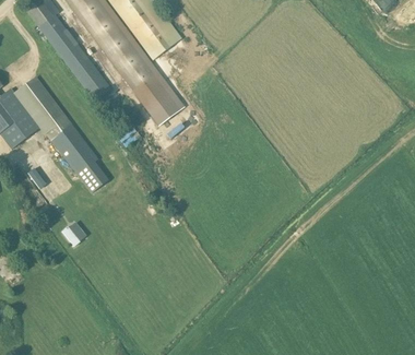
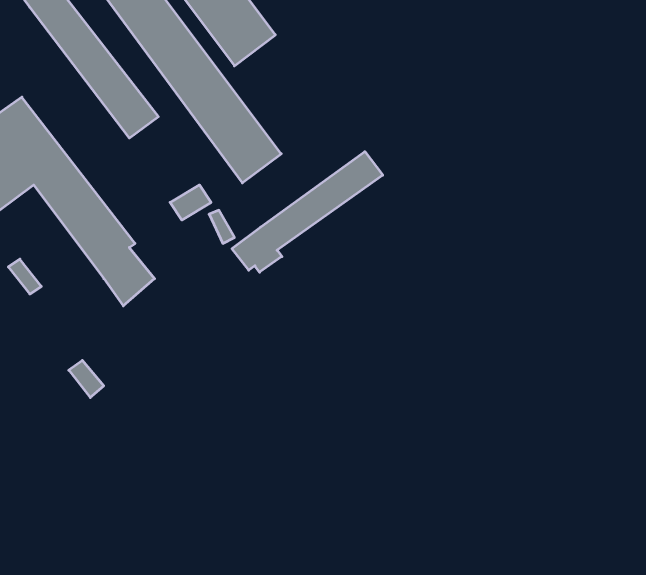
building: none -> [232,152,383,272]

